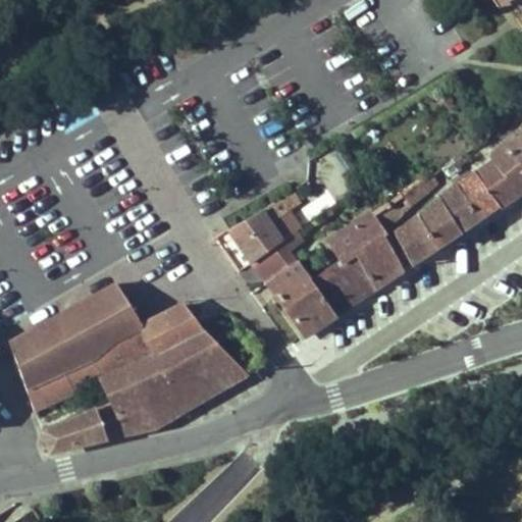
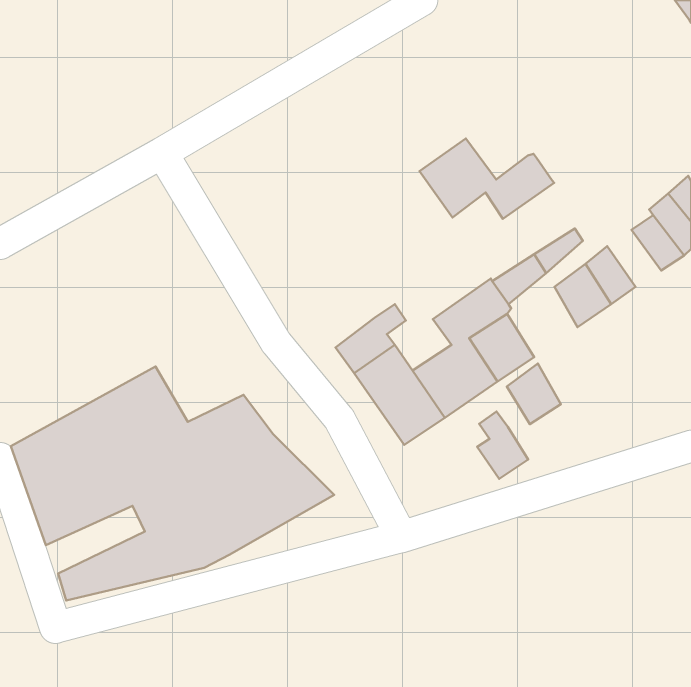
building: none -> [420,139,554,219]
building: [458,176,499,219] -> none
building: [227,192,301,265] -> none
building: [395,219,435,265] -> [507,363,561,424]
building: none -> [477,411,528,479]

